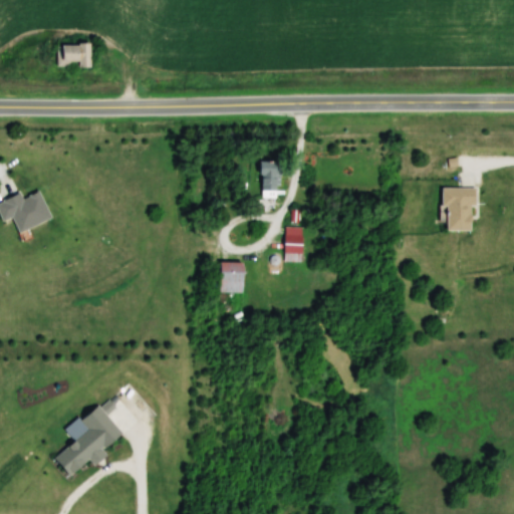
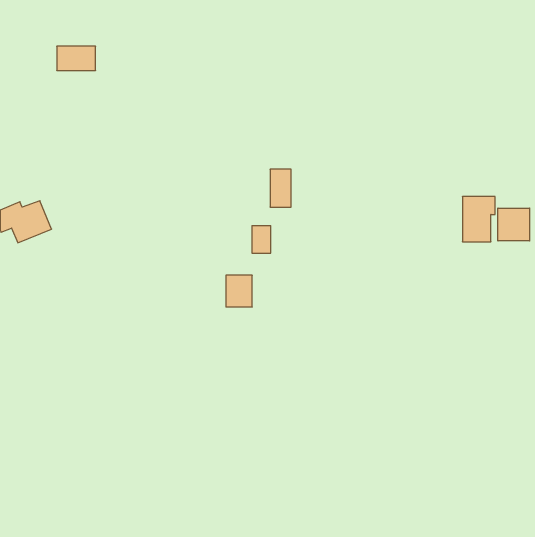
building: none -> [498,208,530,241]
building: [285,228,303,254] -> [252,226,271,253]
building: [53,406,122,477] -> none

